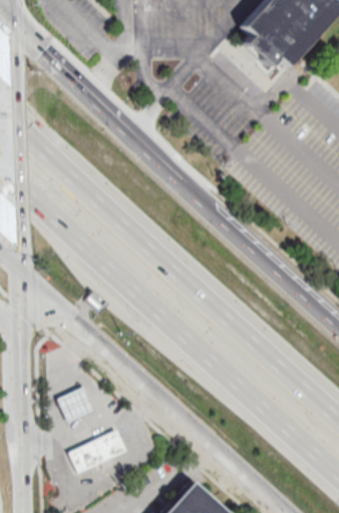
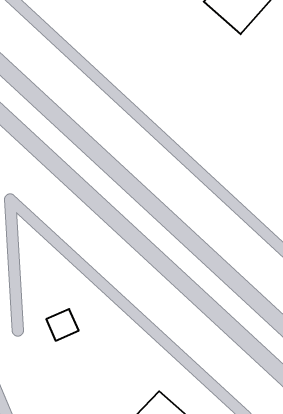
building: [69,429,128,473] -> none

